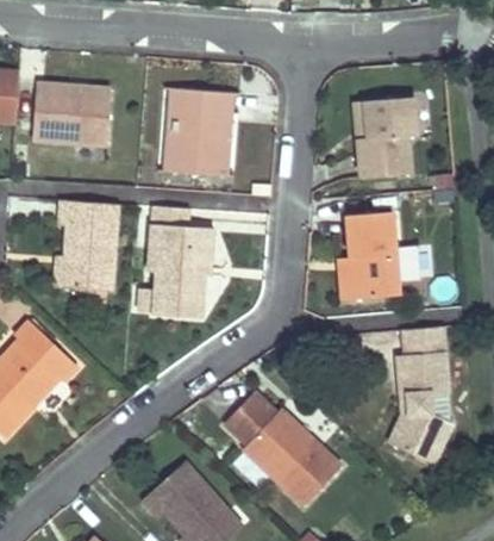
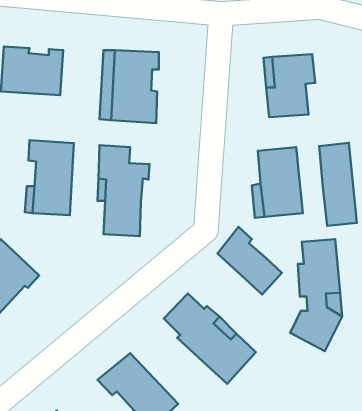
building: none -> [319,143,357,226]
building: none -> [217,227,282,295]

